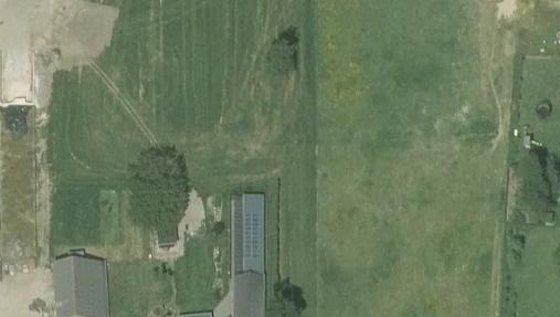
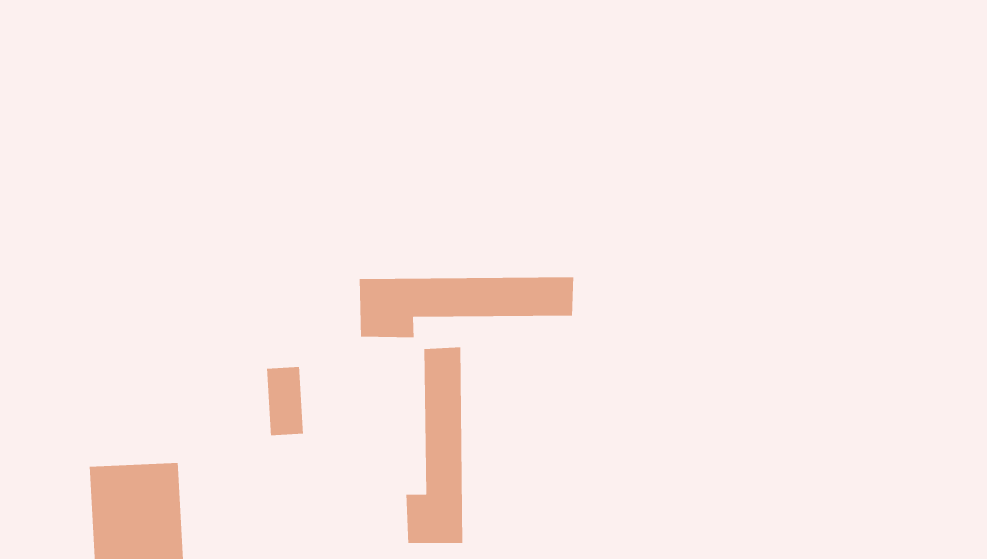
building: none -> [359,276,574,338]

